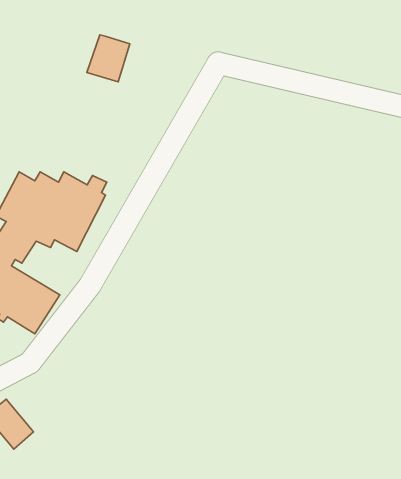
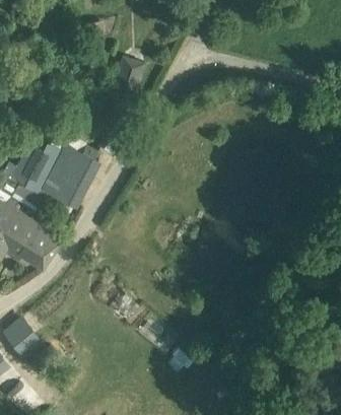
building: [87,35,130,82] -> [111,58,144,94]

